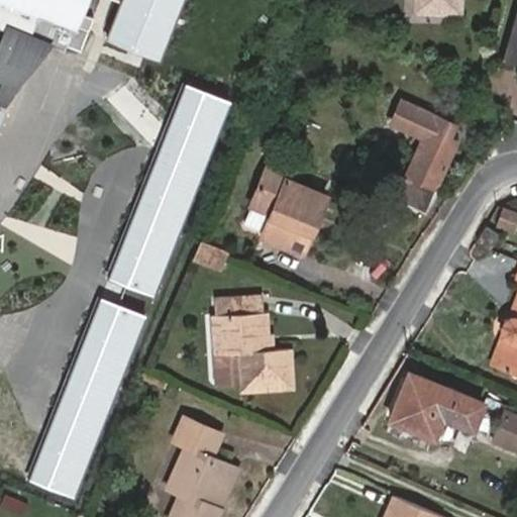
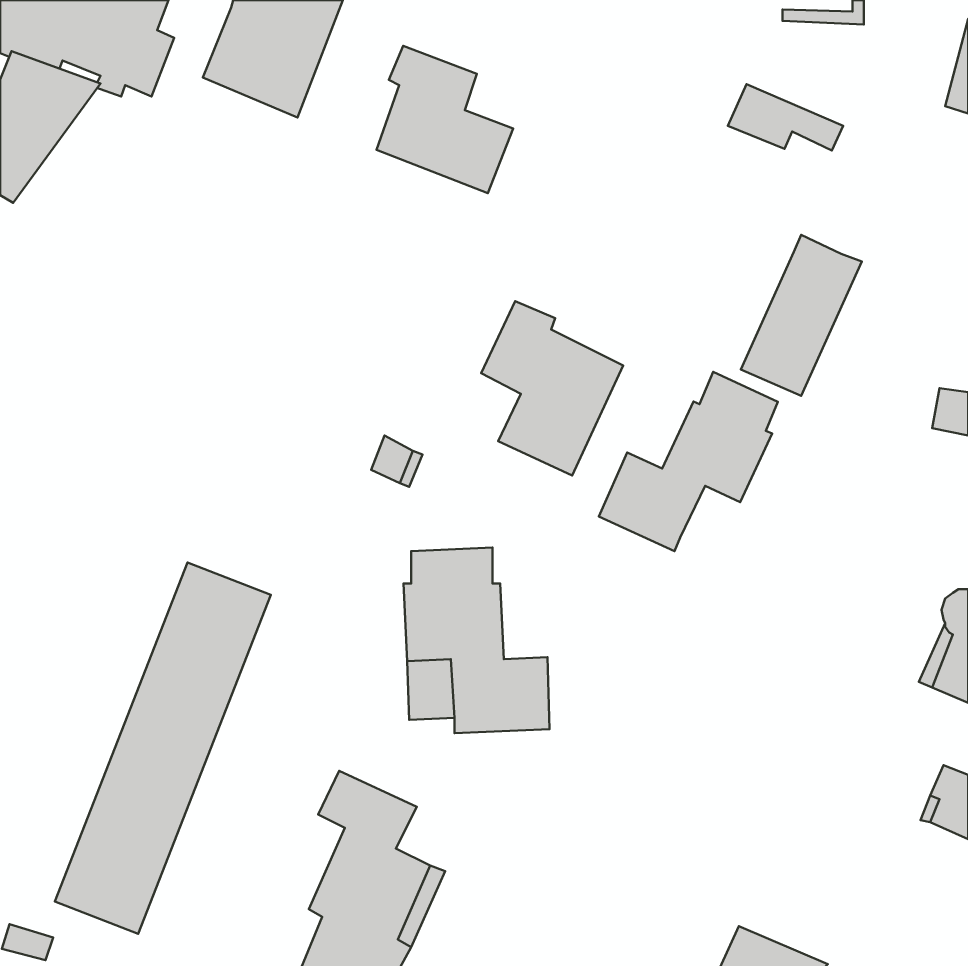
building: none -> [377,46,513,193]
building: [111,88,229,297] -> none
building: [393,101,454,136] -> [728,84,843,151]
building: none -> [599,372,778,551]
building: [390,371,482,435] -> none

